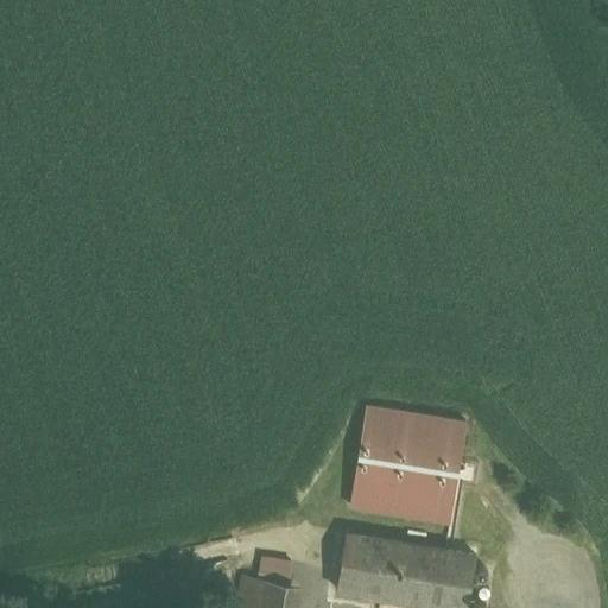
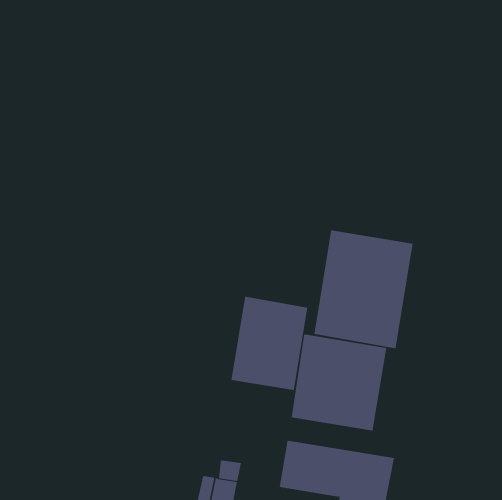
building: none -> [314,230,413,349]
building: none -> [231,296,308,391]

